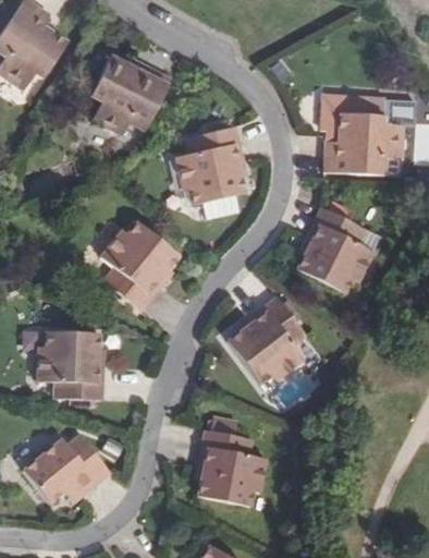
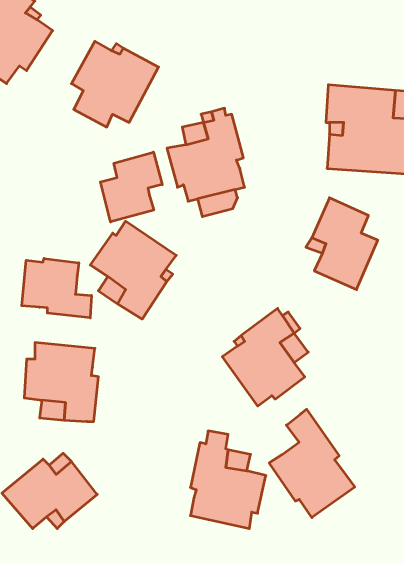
building: none -> [100,152,162,222]
building: none -> [22,258,91,318]
building: none -> [269,409,355,518]

